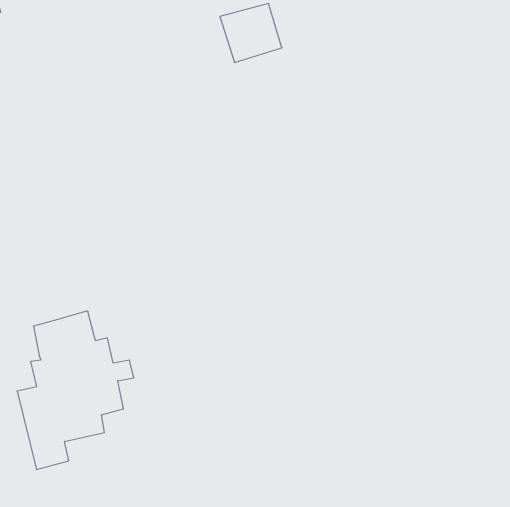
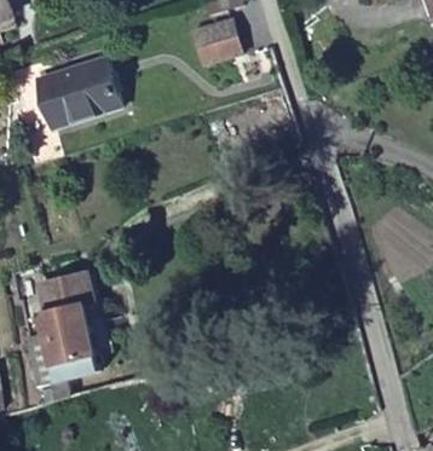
building: none -> [34,56,120,126]

